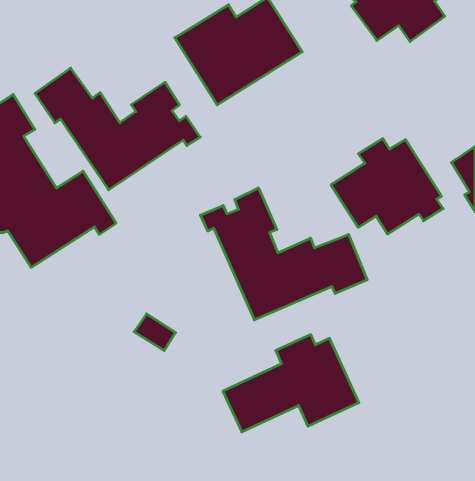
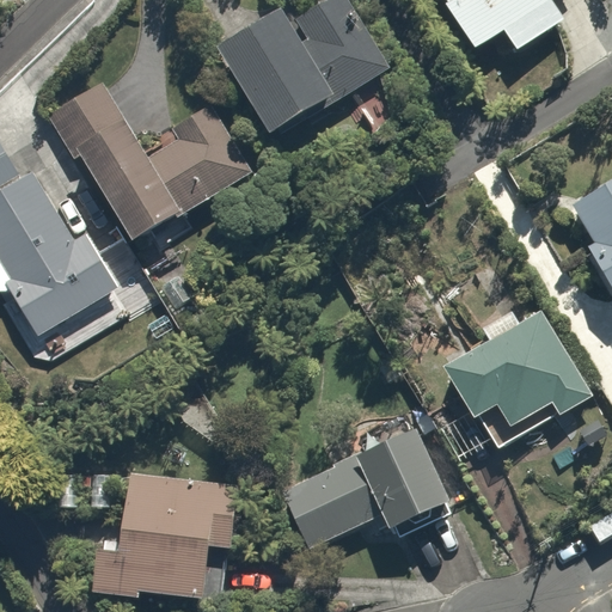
building: [331,139,443,234] -> [445,311,587,432]
building: [200,188,367,320] -> none
building: none -> [96,475,238,600]

